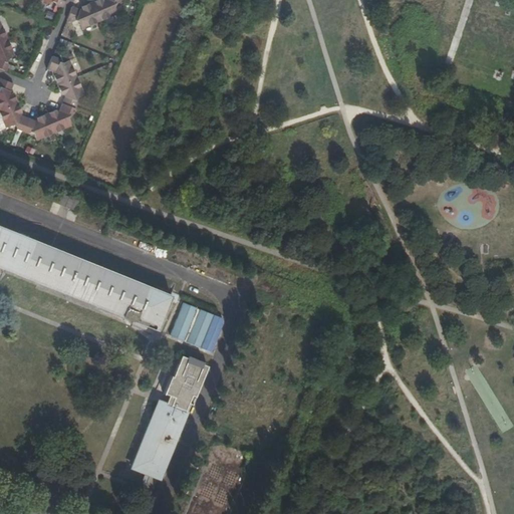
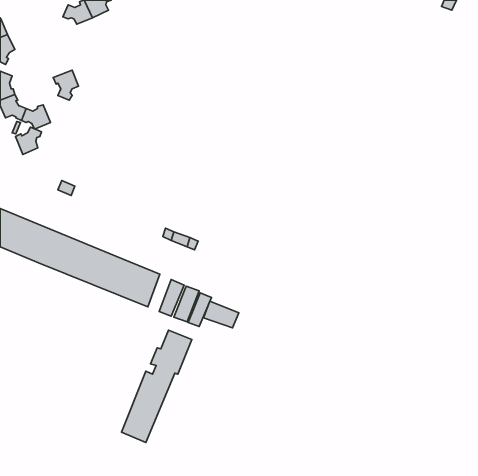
building: [48,57,77,85] -> none
building: [46,104,74,134] -> [15,127,42,154]
building: none -> [204,301,239,328]

